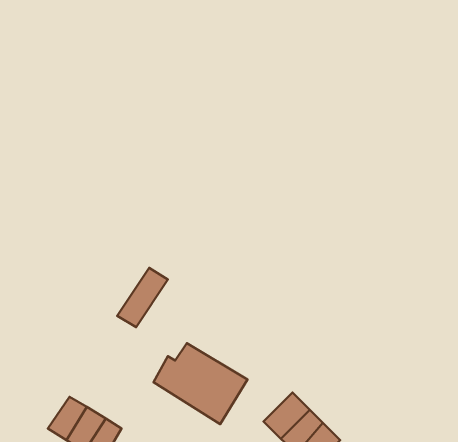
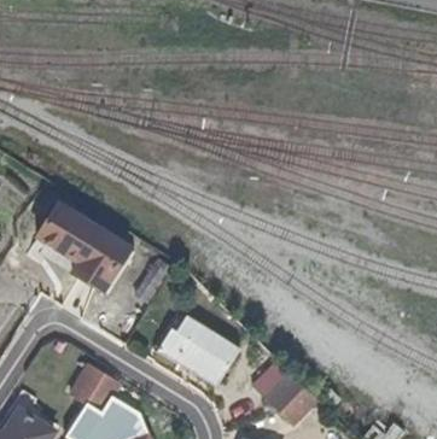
building: none -> [37,211,122,280]

